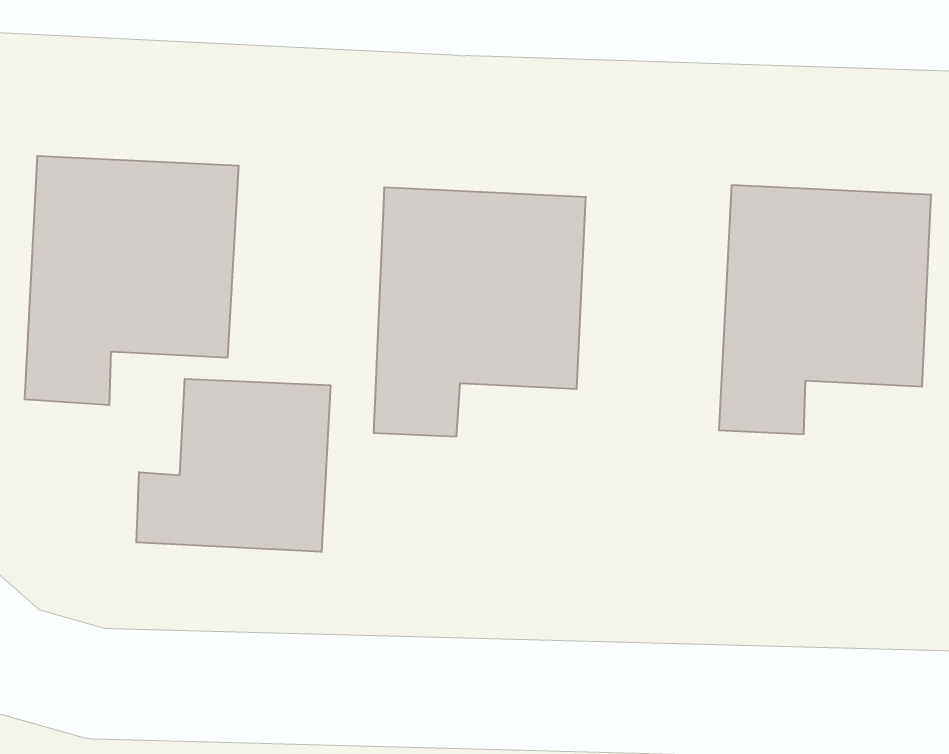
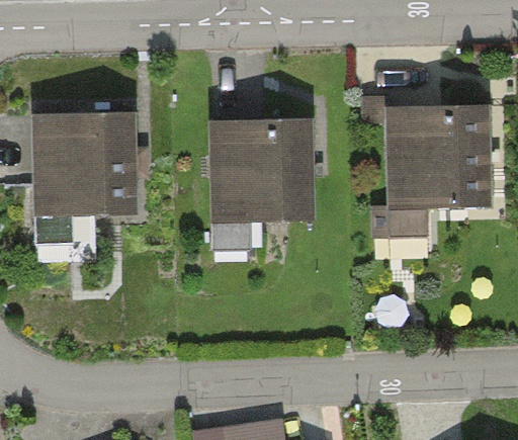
building: [137,379,331,552] -> none

